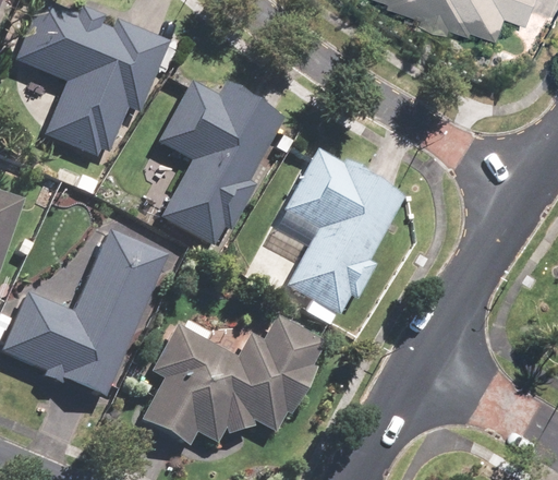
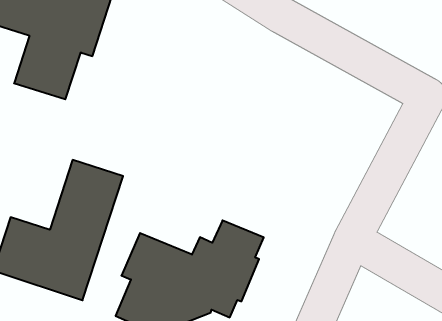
building: [158,80,282,244] -> none
building: [282,147,404,313] -> none

